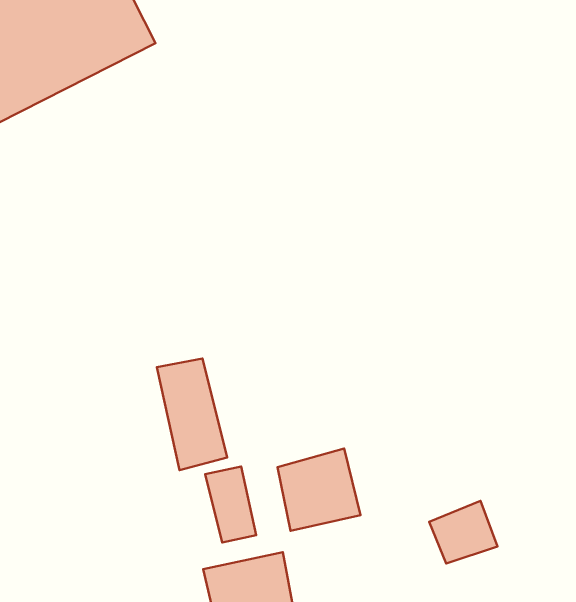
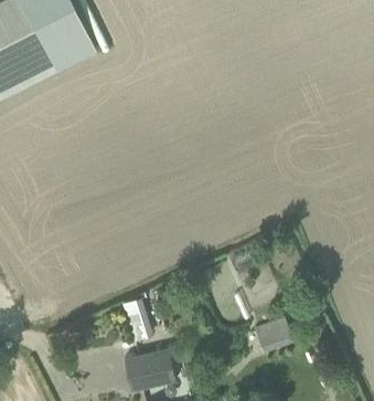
building: [157,358,227,470] -> none
building: [277,448,360,531] -> none

